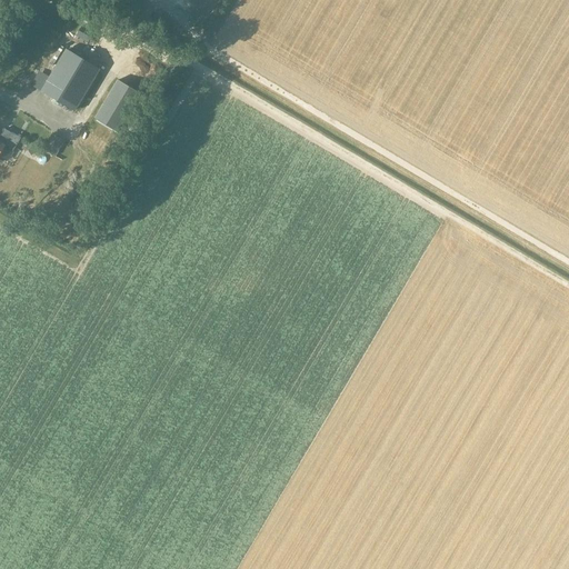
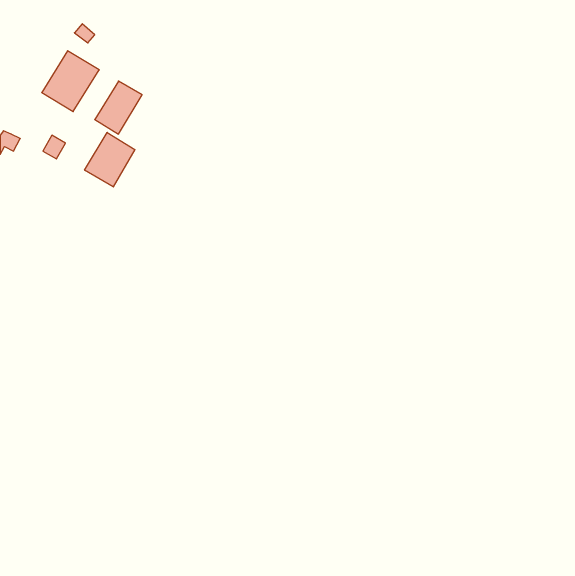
building: none -> [85,132,135,187]

